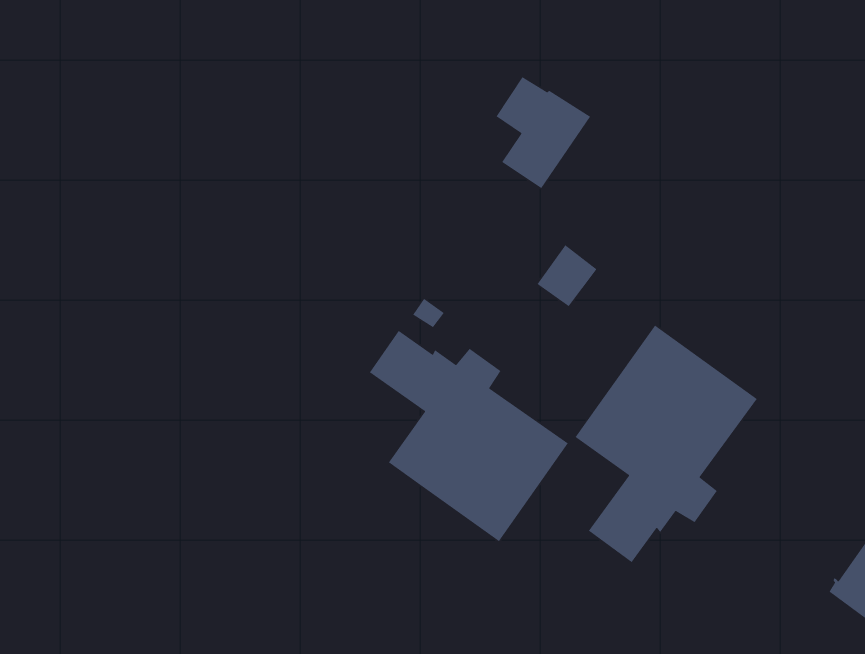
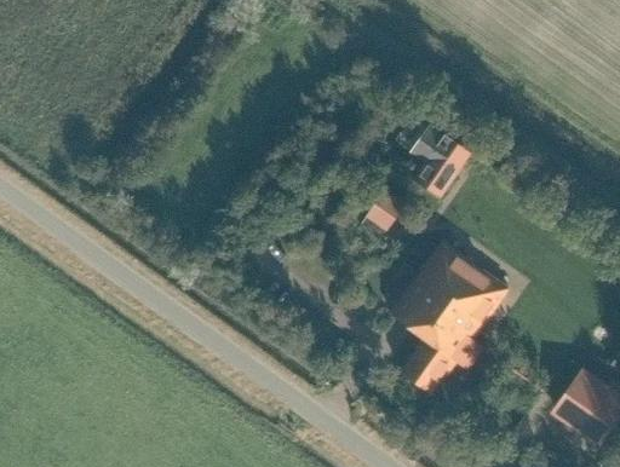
building: [496,76,591,189] -> [409,128,470,200]
building: [369,330,569,542] -> none

